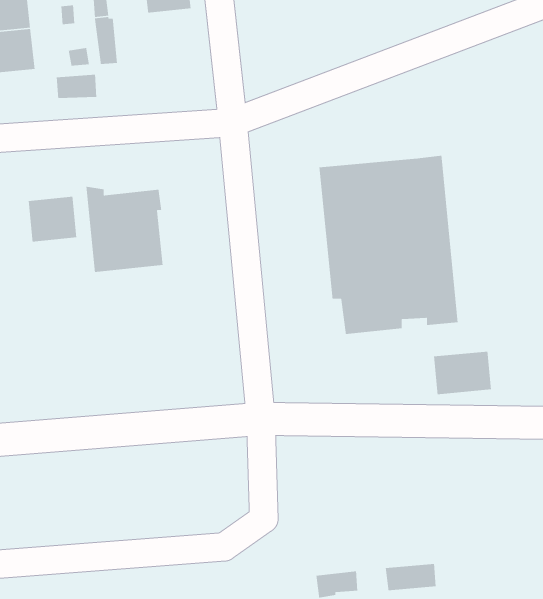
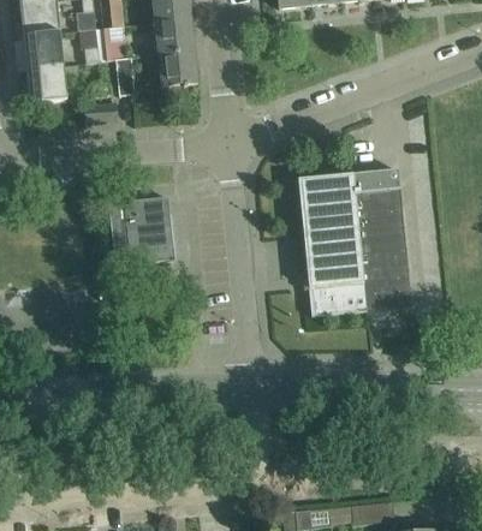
building: none -> [157,49,197,102]
building: [28,196,77,242] -> none
building: [433,351,492,395] -> none

